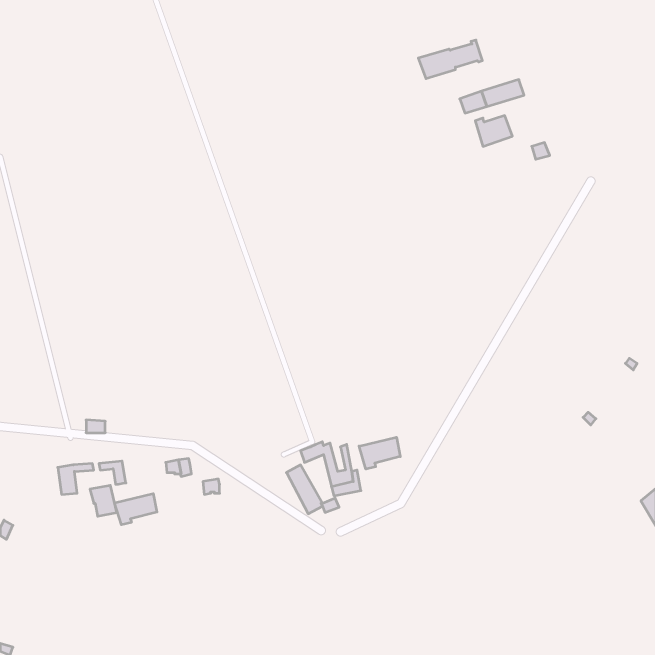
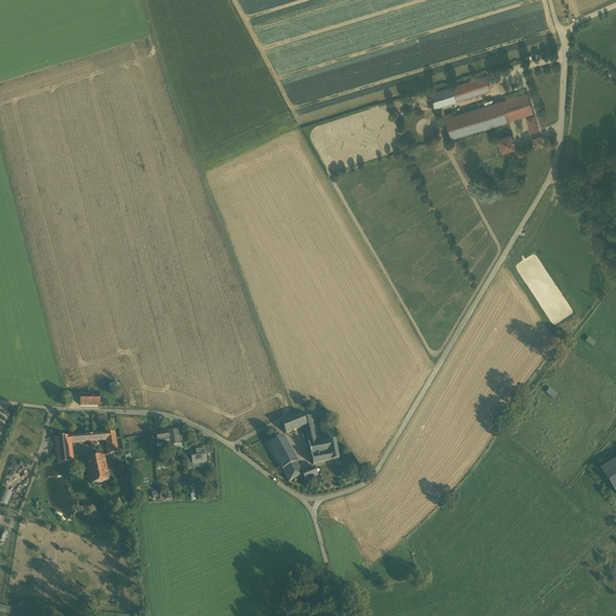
building: [418,40,482,79] -> [474,91,534,128]
building: [359,437,400,469] -> none
building: [115,494,157,525] -> none

